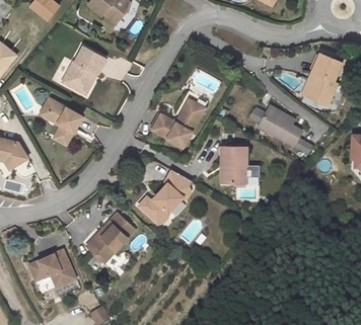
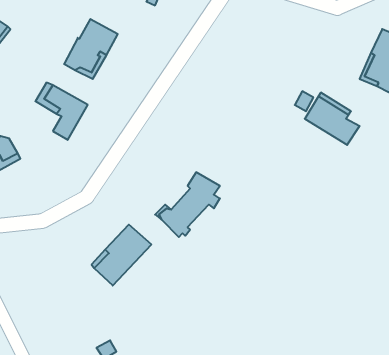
building: [151,98,204,147] -> none
building: [220,146,246,183] -> none
building: [26,247,73,285] -> none

